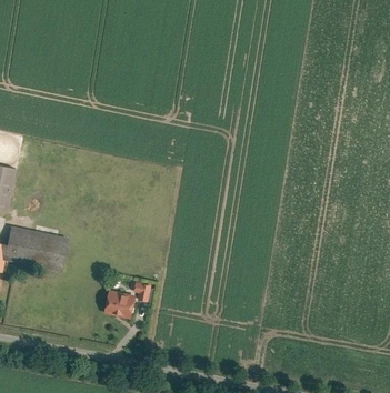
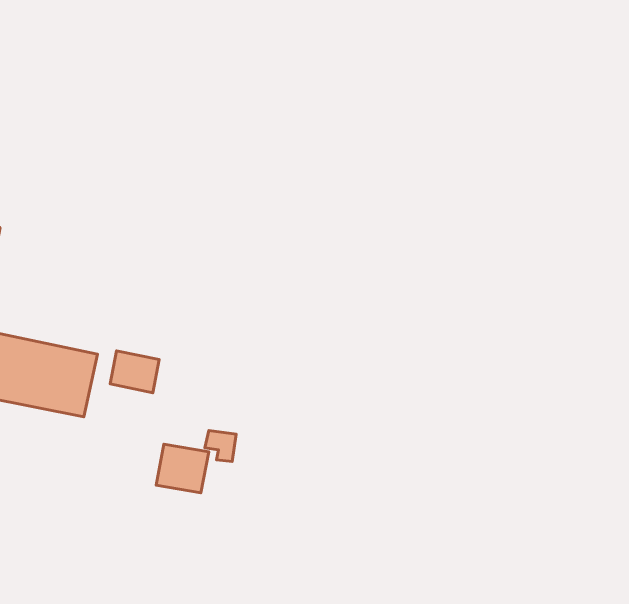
building: none -> [110,351,159,393]

